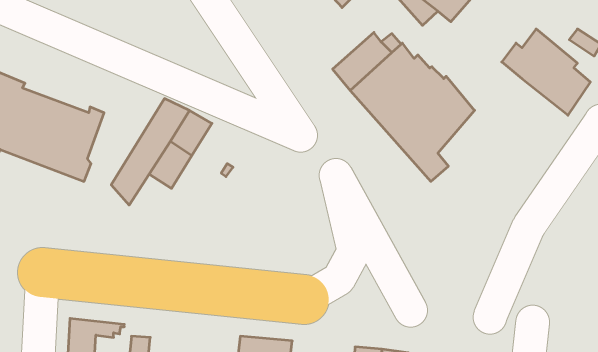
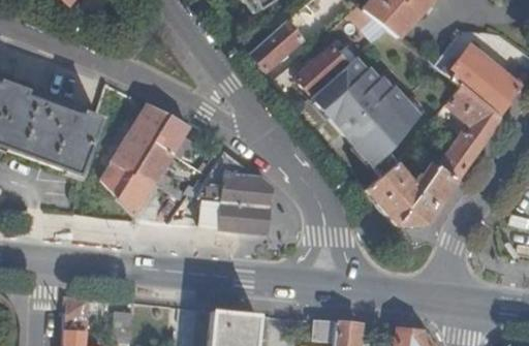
building: none -> [251,22,303,71]
building: none -> [365,86,501,224]
building: none -> [189,150,270,232]
building: none -> [118,169,155,216]

